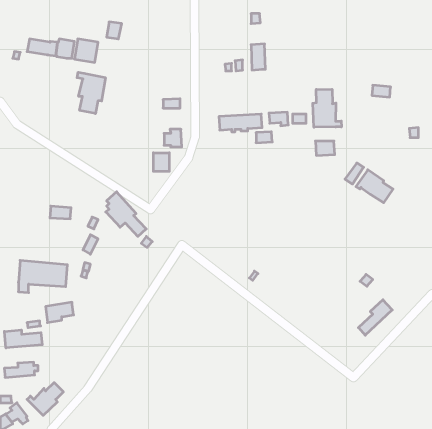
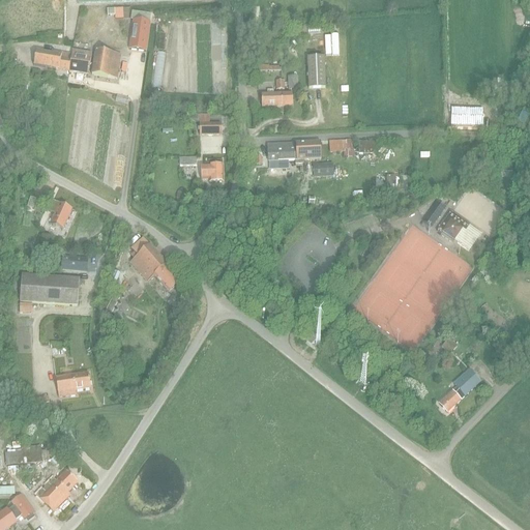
building: none -> [261,87,292,105]
building: [77,72,105,114] -> none
building: [313,89,341,127] -> none
building: [153,153,169,171] -> none
building: none -> [48,198,71,227]
building: [18,260,67,293] -> [20,272,80,312]
building: [4,330,42,348] -> none

